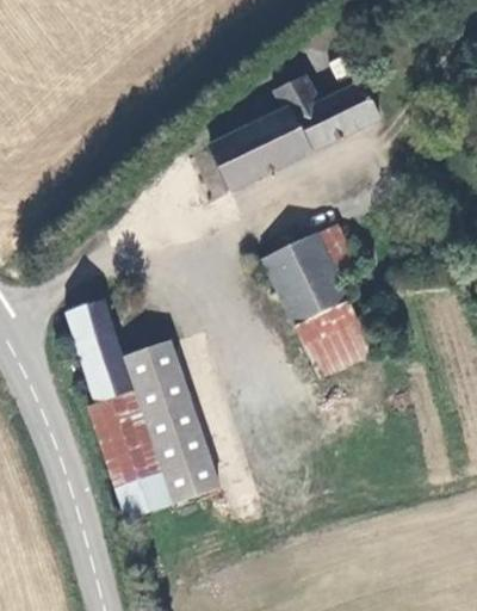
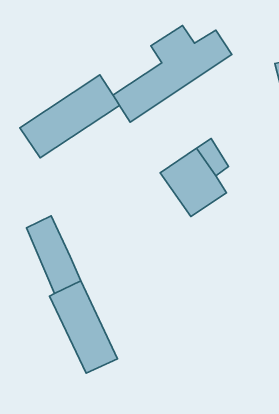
building: none -> [20,75,120,158]
building: [295,300,372,375] -> none
building: [124,346,218,507] -> none

